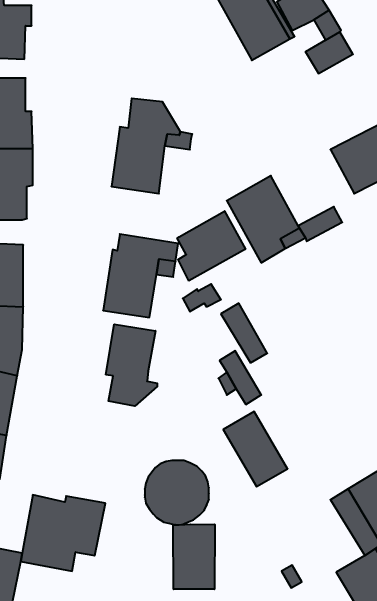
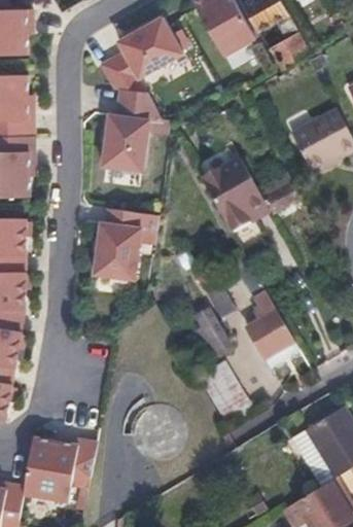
building: none -> [98,16,182,93]
building: [177,211,245,281] -> none
building: [106,324,157,406] -> none
building: none -> [246,291,301,368]
building: [173,524,215,589] -> none

